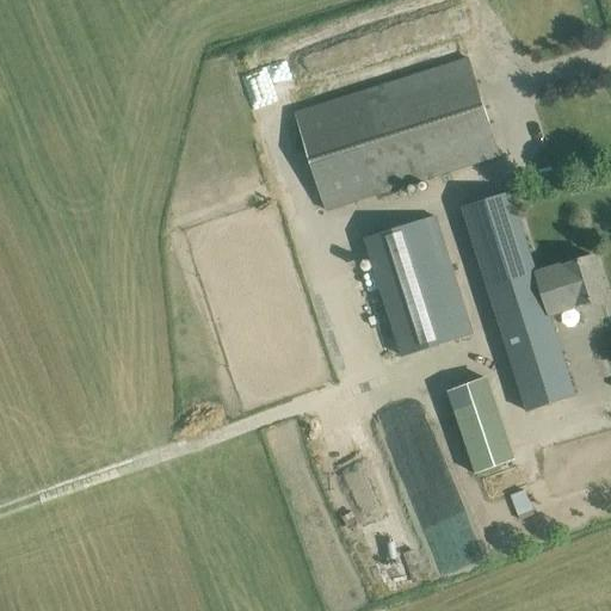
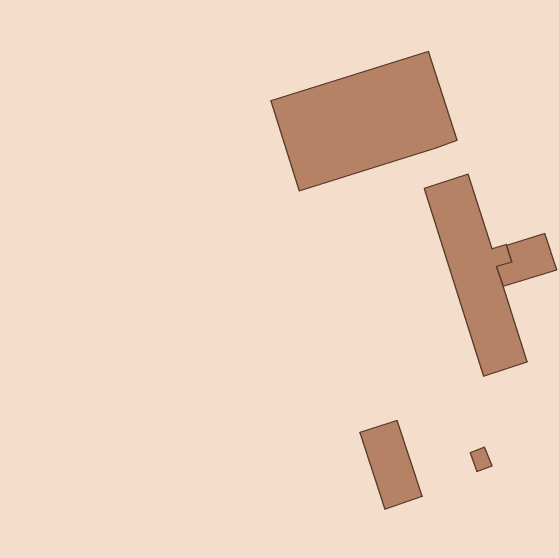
building: [363,216,471,358] -> none
building: [445,375,513,471] -> [360,421,422,509]

